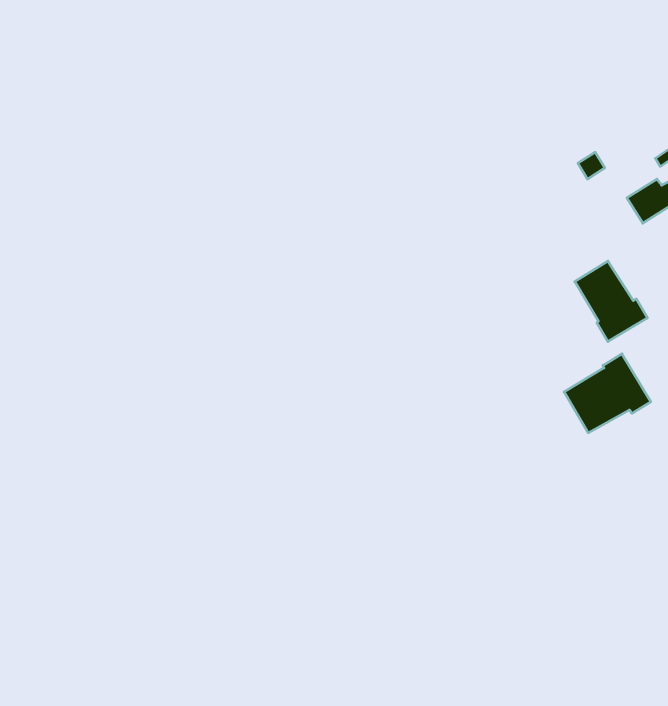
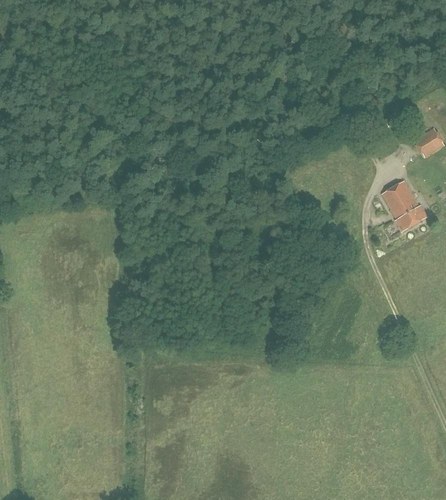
building: [564,354,651,433] -> none

